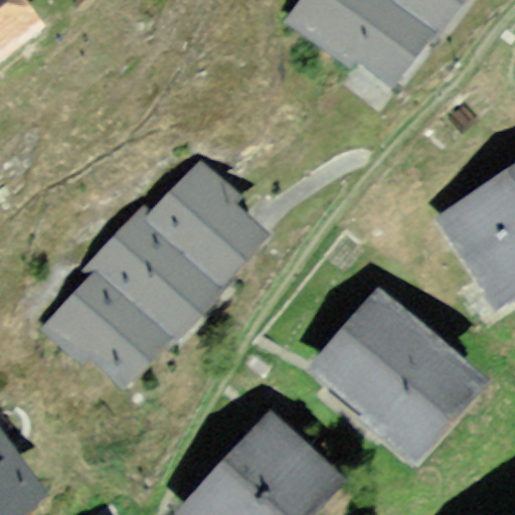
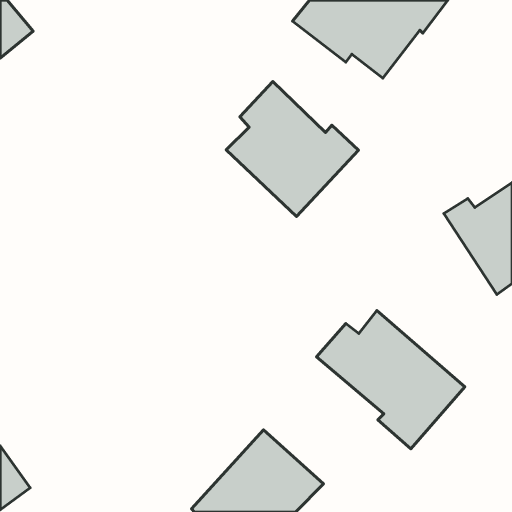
building: none -> [226,81,359,216]
building: [51,173,251,378] -> none

